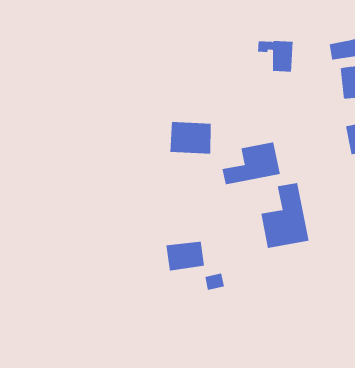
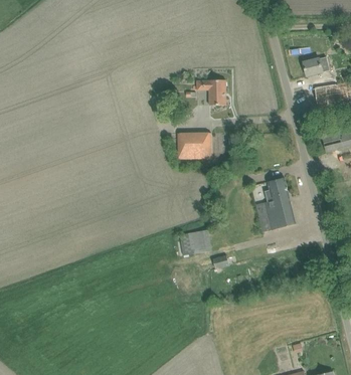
building: [257,40,293,72] -> [197,79,226,105]
building: [222,142,280,185] -> none

